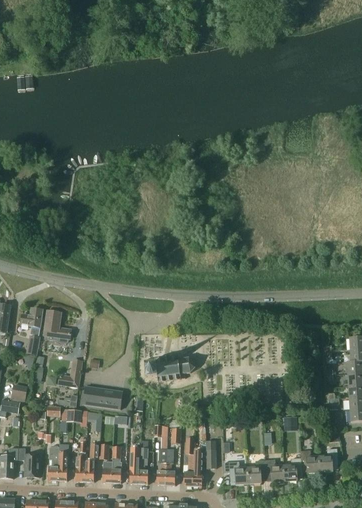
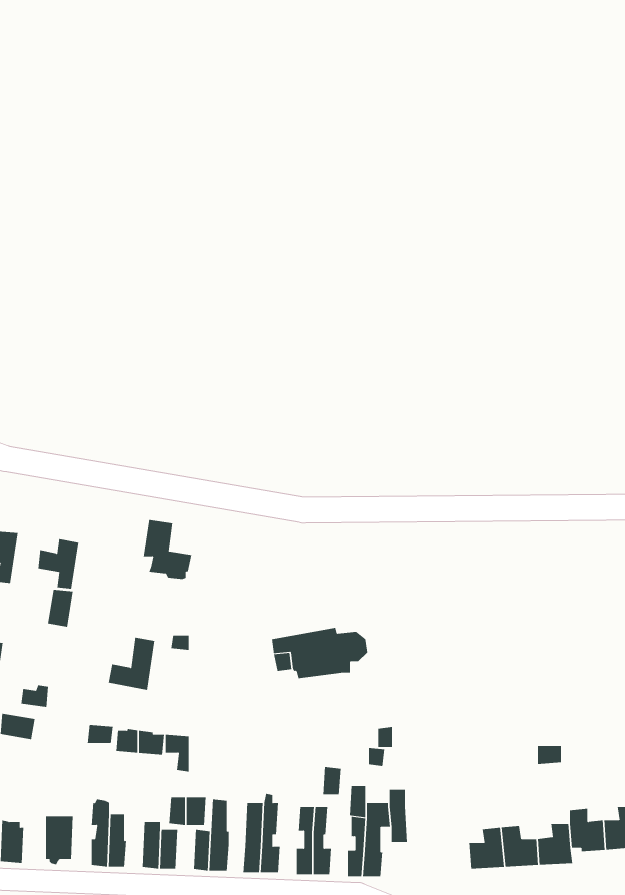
building: [45,311,71,343] -> [143,519,192,580]
building: [83,387,123,410] -> none
building: [223,462,249,483] -> none

